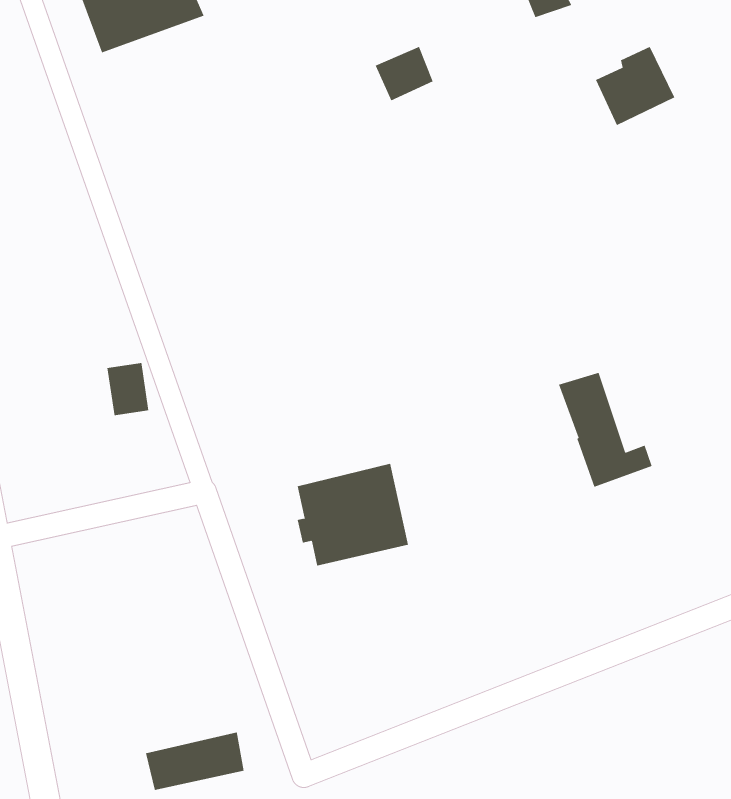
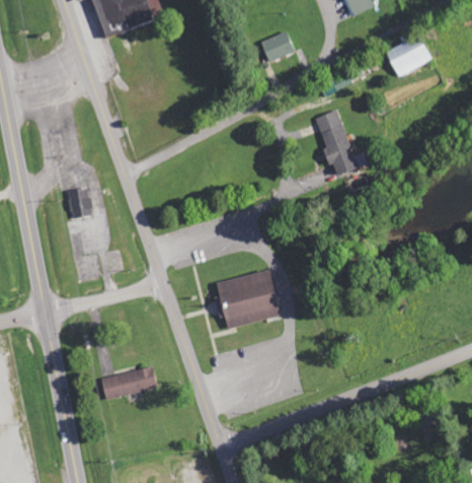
building: [107,362,149,416] -> [68,188,92,218]
building: [558,372,652,488] -> [314,111,368,177]
building: [145,732,245,791] -> [100,366,157,400]

